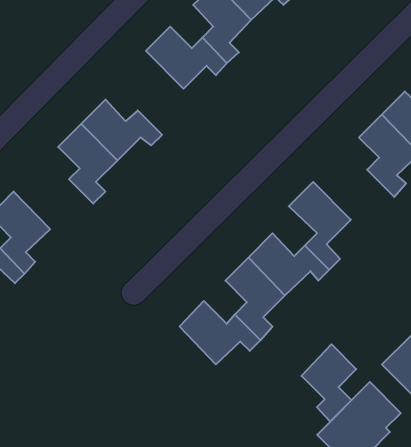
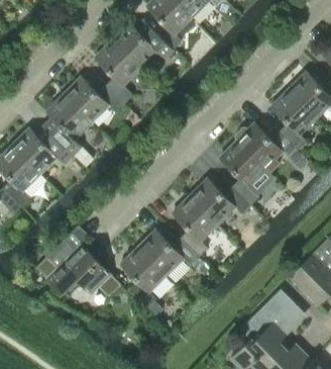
building: none -> [96,40,141,103]
building: none -> [238,121,299,173]
building: none -> [14,128,74,174]
building: none -> [35,238,122,296]
building: none -> [120,247,166,307]
building: [301,344,356,422] -> none

